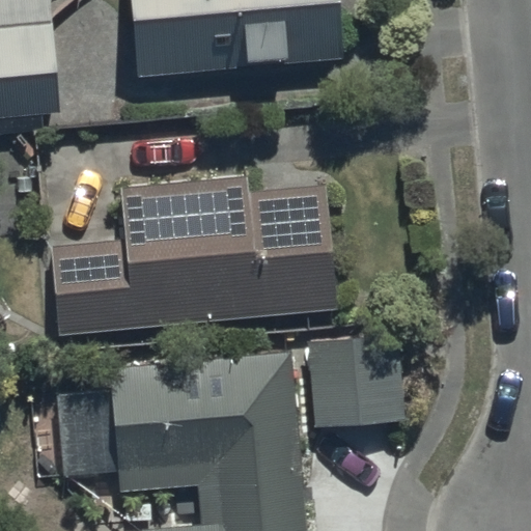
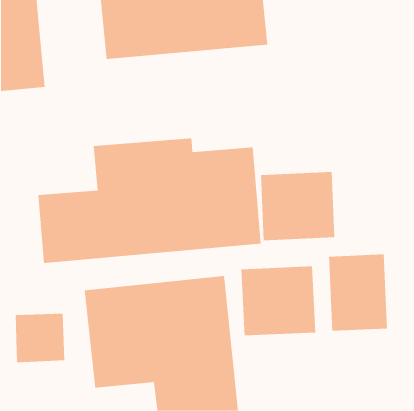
building: none -> [261,171,335,241]
building: none -> [329,254,388,332]

